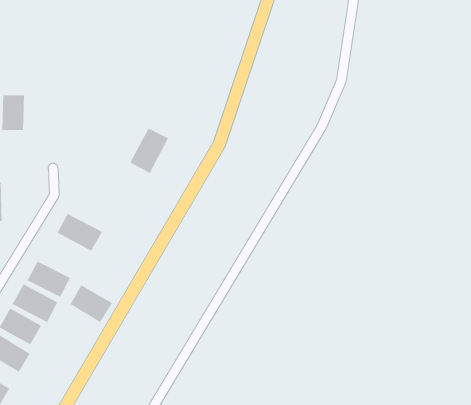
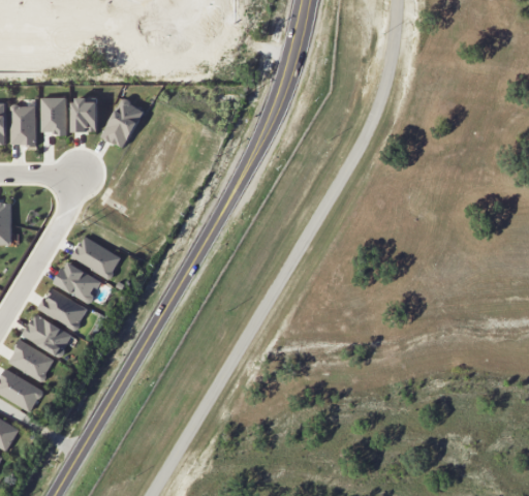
building: none -> [40,97,66,133]
building: none -> [72,97,97,132]
building: [129,128,169,174] -> [100,98,144,149]
building: [70,284,113,323] -> [55,261,102,304]

